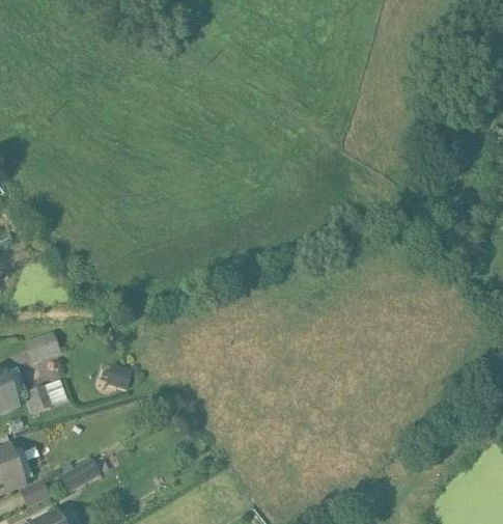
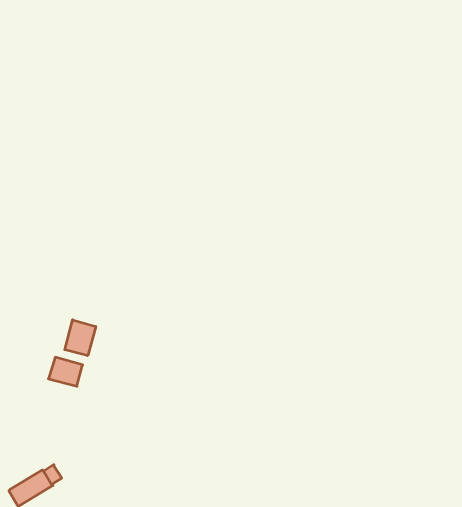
building: none -> [65,320,96,356]

